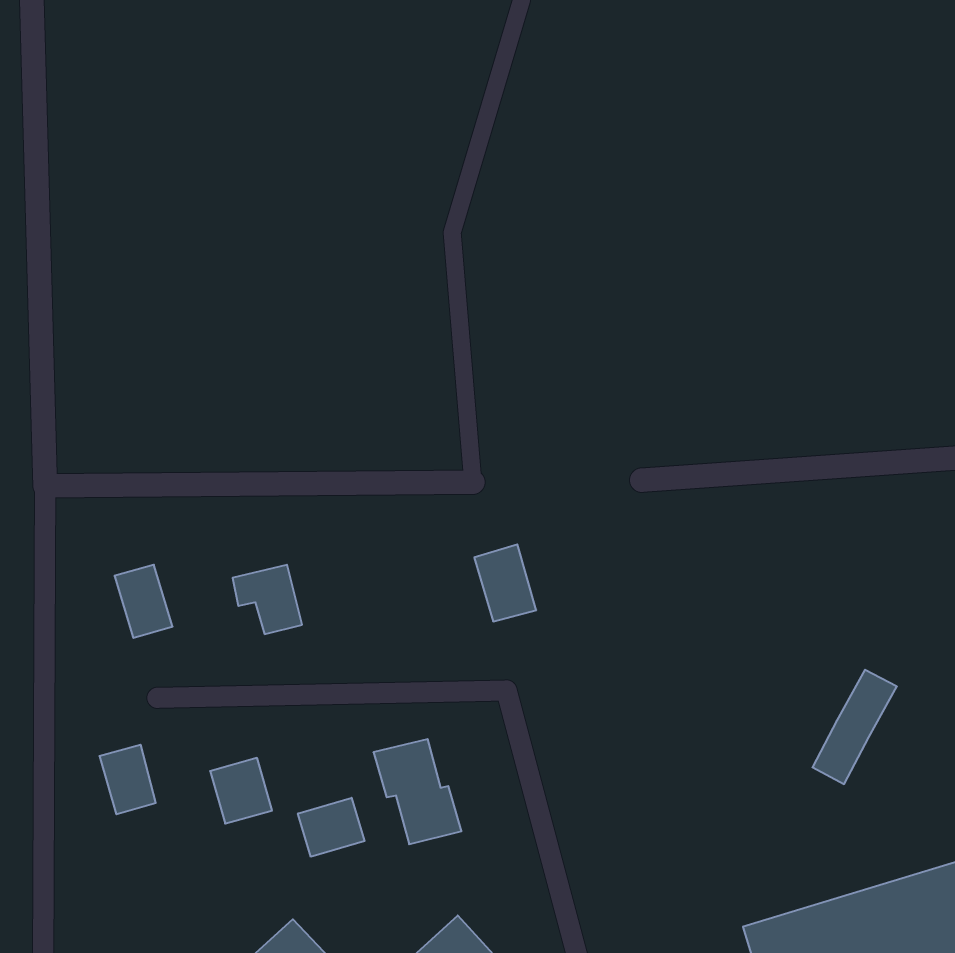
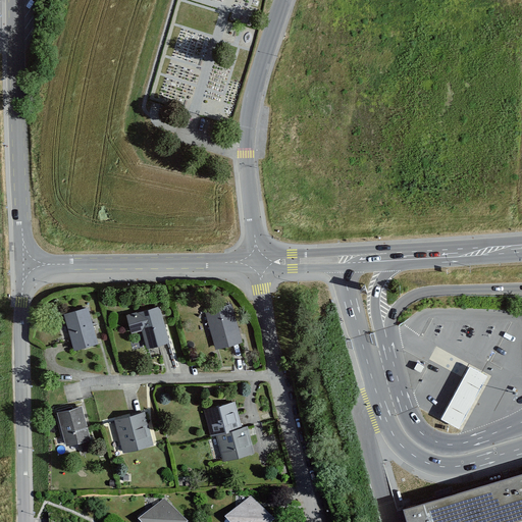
building: [474,544,536,621] -> [207,306,241,348]
building: [298,798,365,857] -> none

